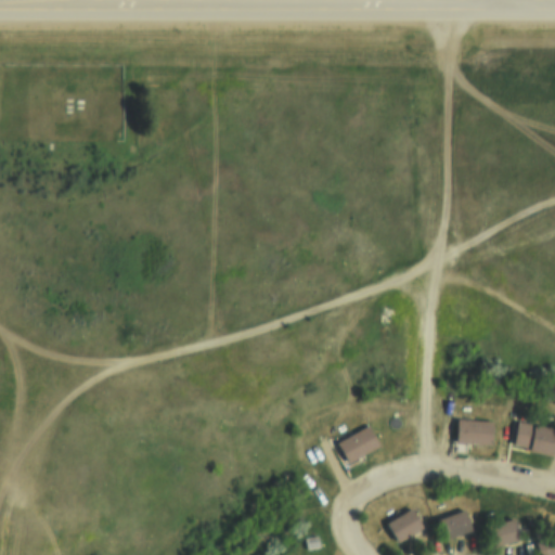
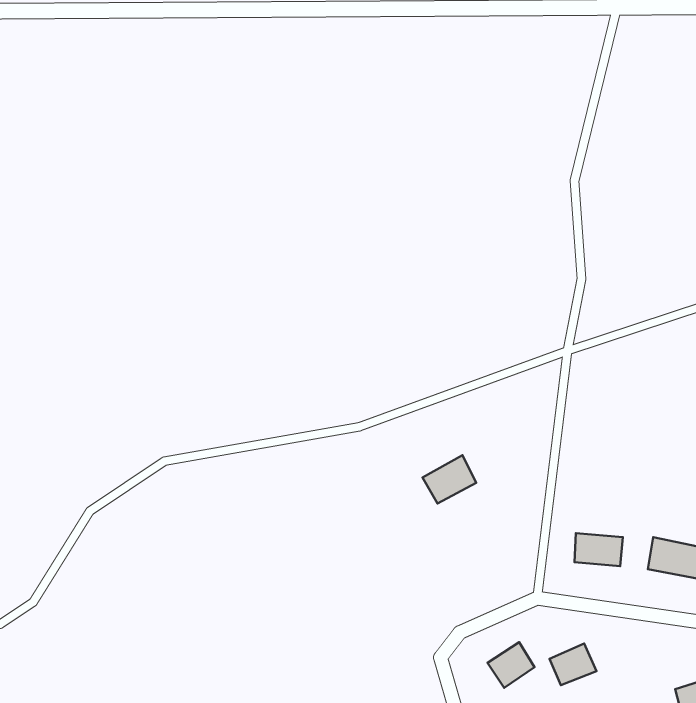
building: [339,427,382,465] -> [422,455,476,504]
building: [490,516,526,546] -> none

